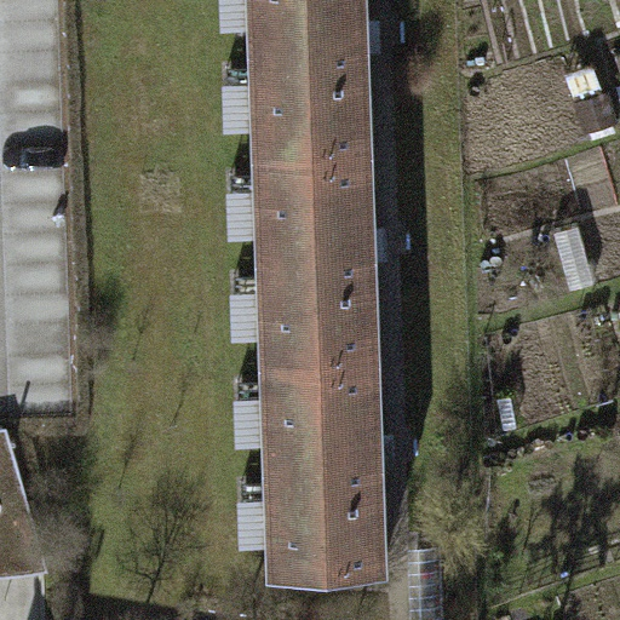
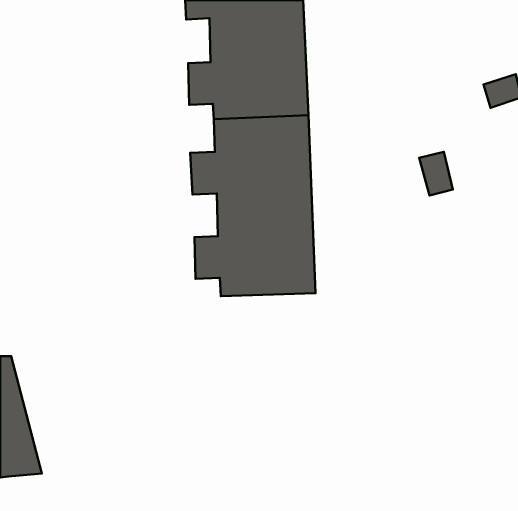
building: [236,360,386,574] -> none

